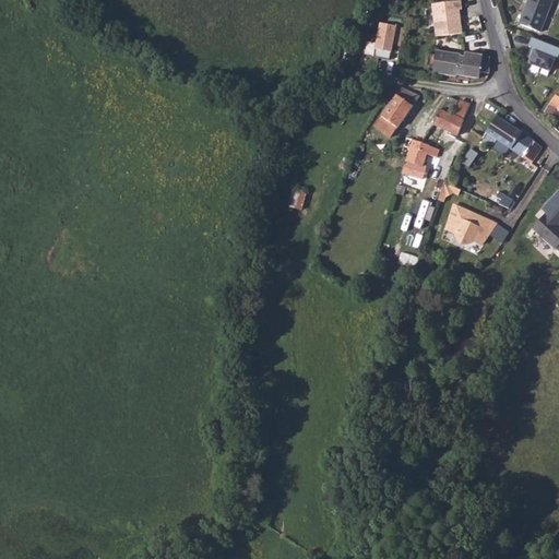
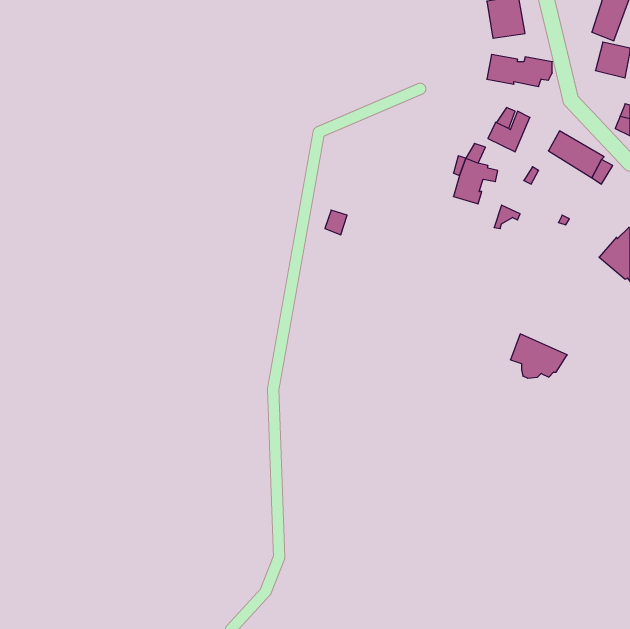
building: [372,19,405,56] -> none
building: [373,86,419,138] -> none
building: [442,205,492,245] -> [510,334,567,378]

